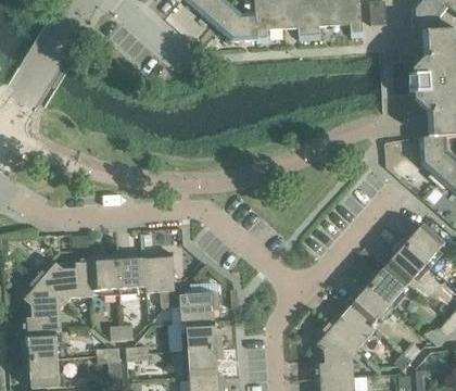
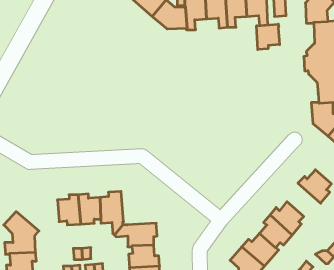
building: none -> [257,24,280,50]
building: [387,241,430,285] -> none
building: [36,257,92,303] -> none

